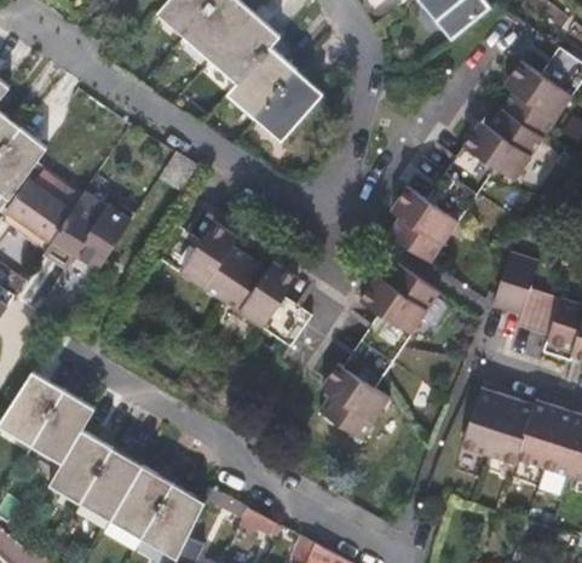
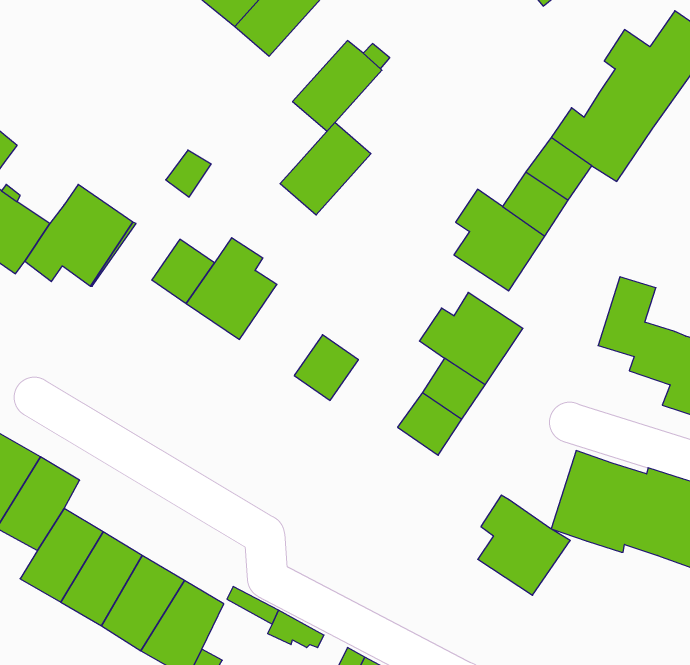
building: [231,45,301,116] -> [280,123,371,215]
building: [218,258,295,328] -> none
building: [316,364,387,442] -> [478,495,570,595]

